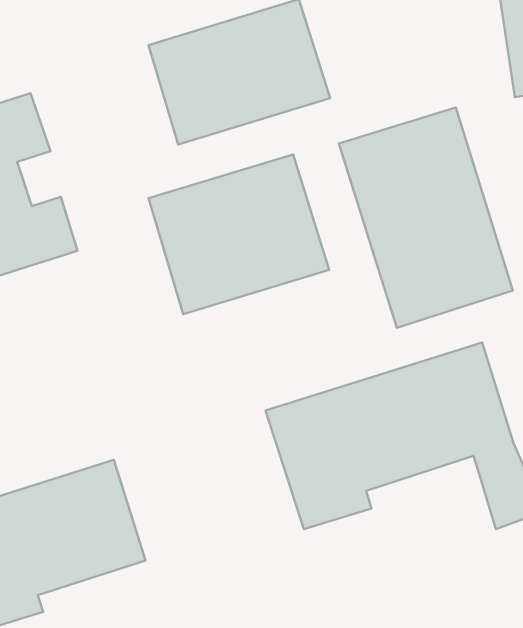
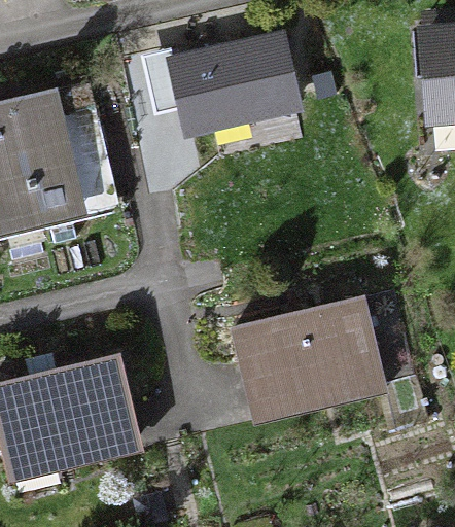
building: [339,108,513,328] -> none
building: [148,154,329,314] -> none

